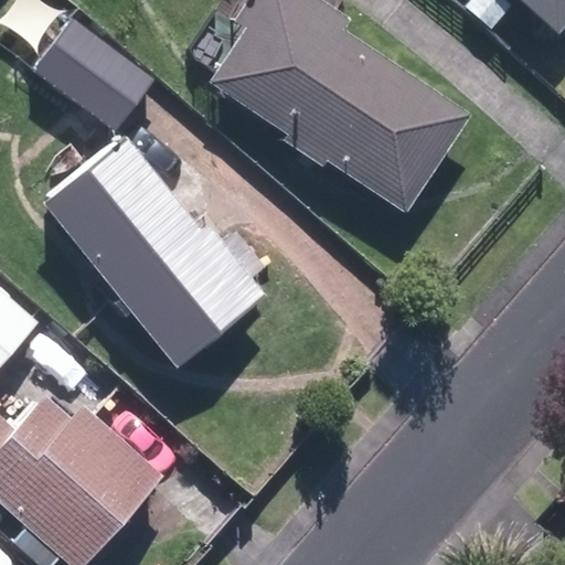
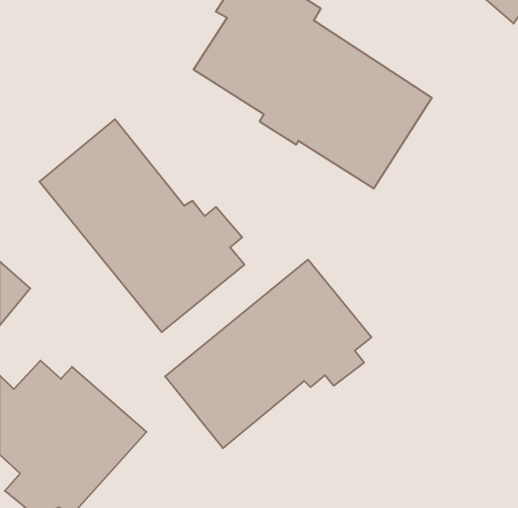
building: [32,15,154,130] -> none
building: none -> [165,260,371,448]

